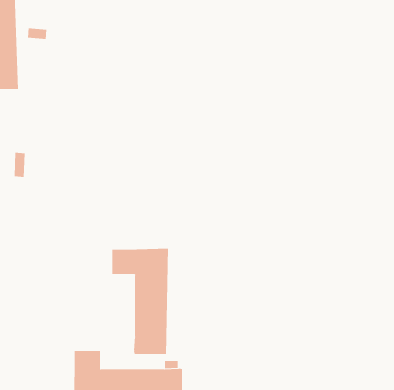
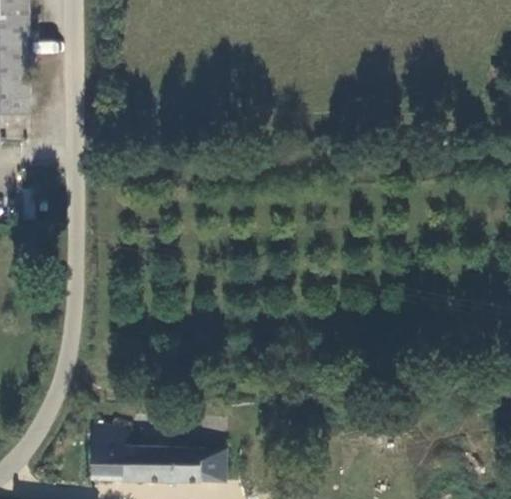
building: [112,248,169,355] -> none

